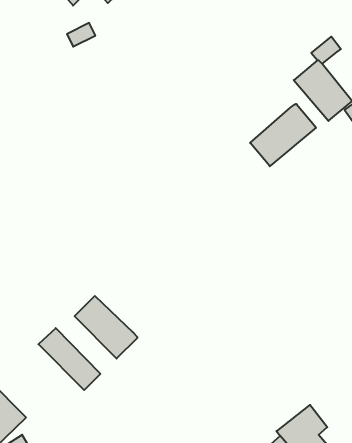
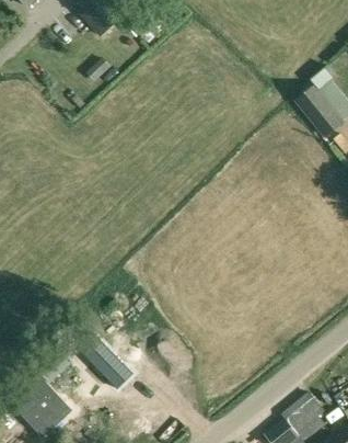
building: [250,104,316,166] -> none
building: [75,296,137,359] -> none

